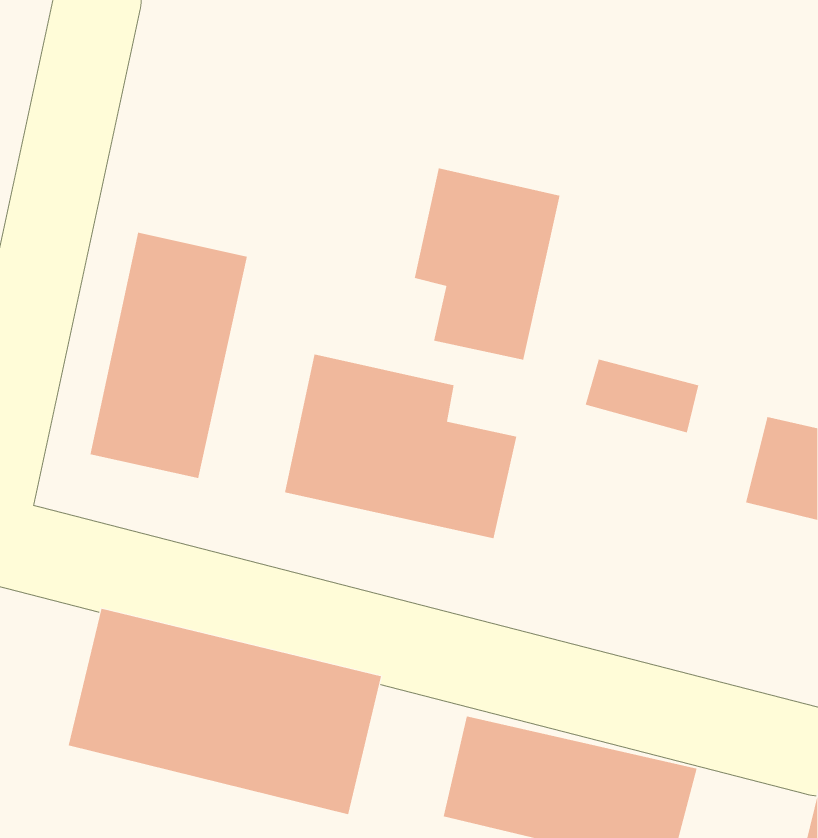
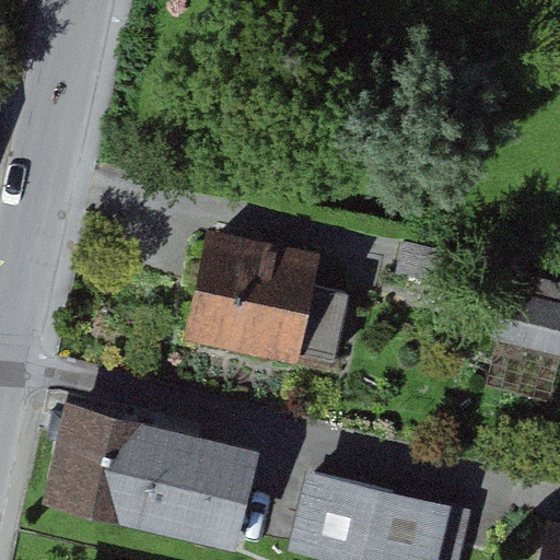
building: [414,168,560,360] -> none
building: [90,232,248,479] -> none

